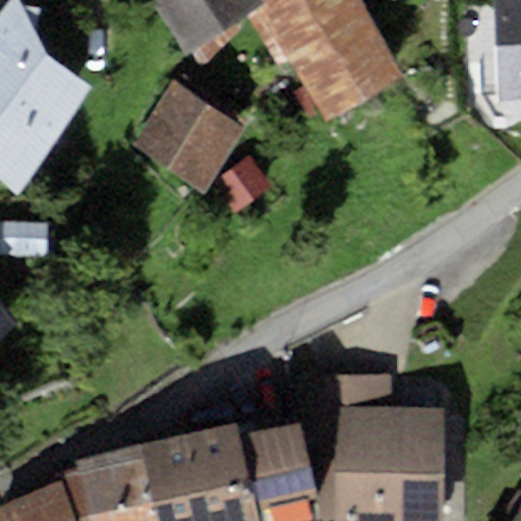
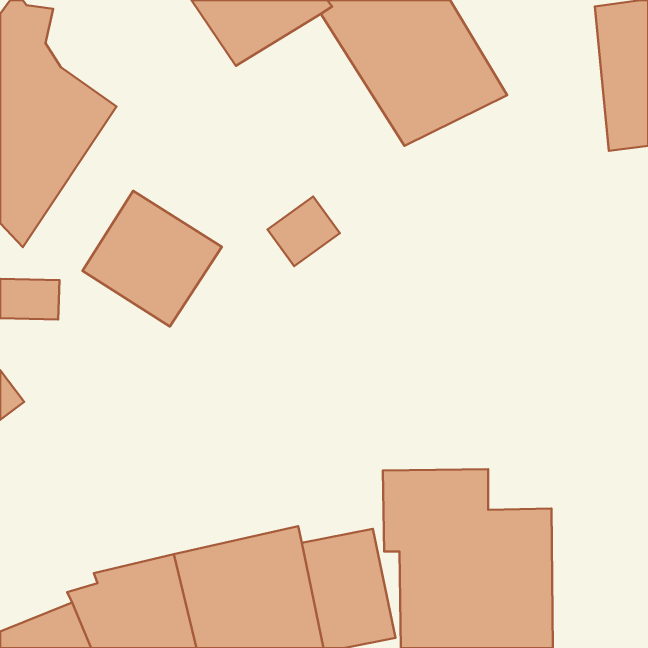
building: [133,84,245,193] -> [82,191,222,327]

